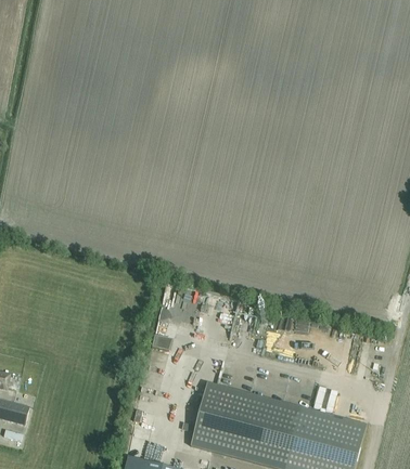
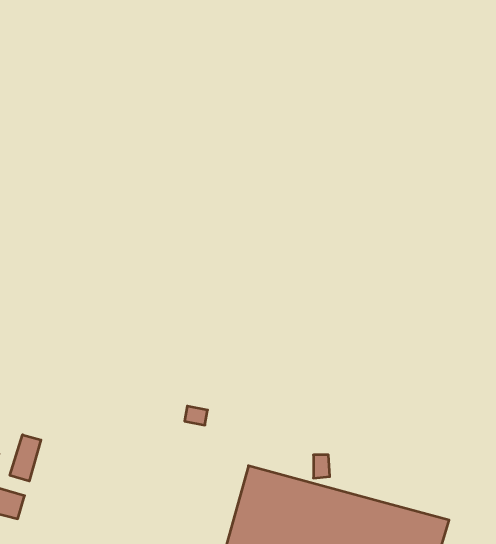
building: none -> [10,435,41,481]

